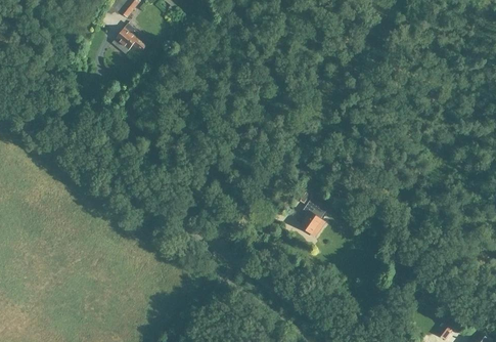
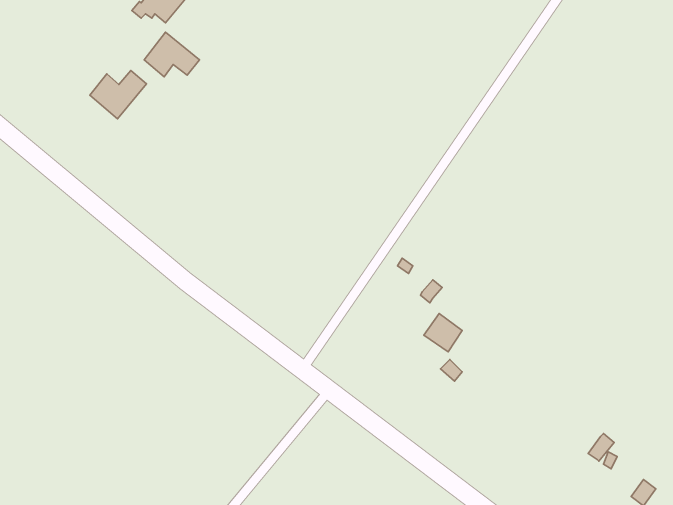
building: none -> [90,71,146,119]

